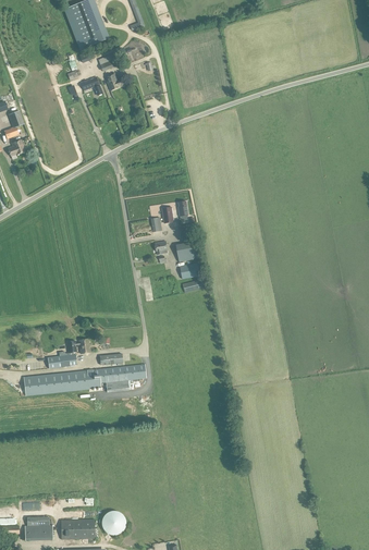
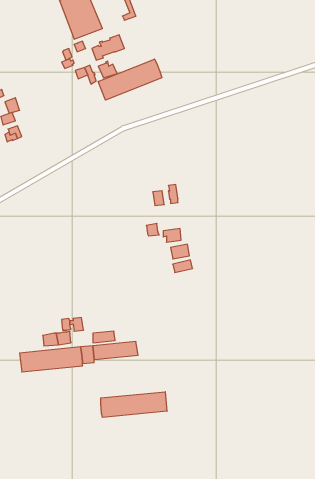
building: none -> [98,59,162,100]
building: none -> [101,392,167,417]

